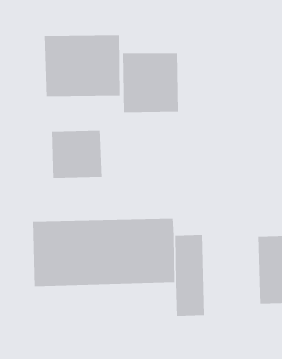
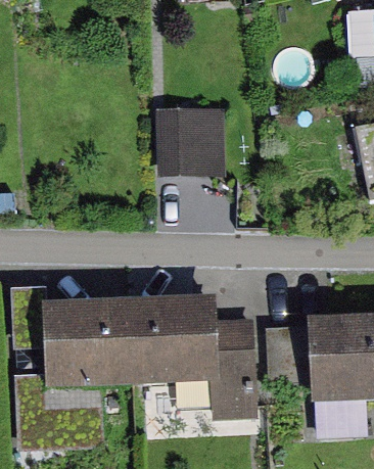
building: [44,34,120,97] -> none
building: [52,130,102,179] -> none

